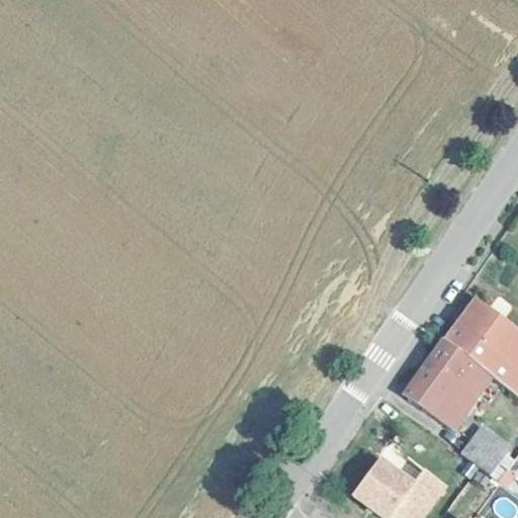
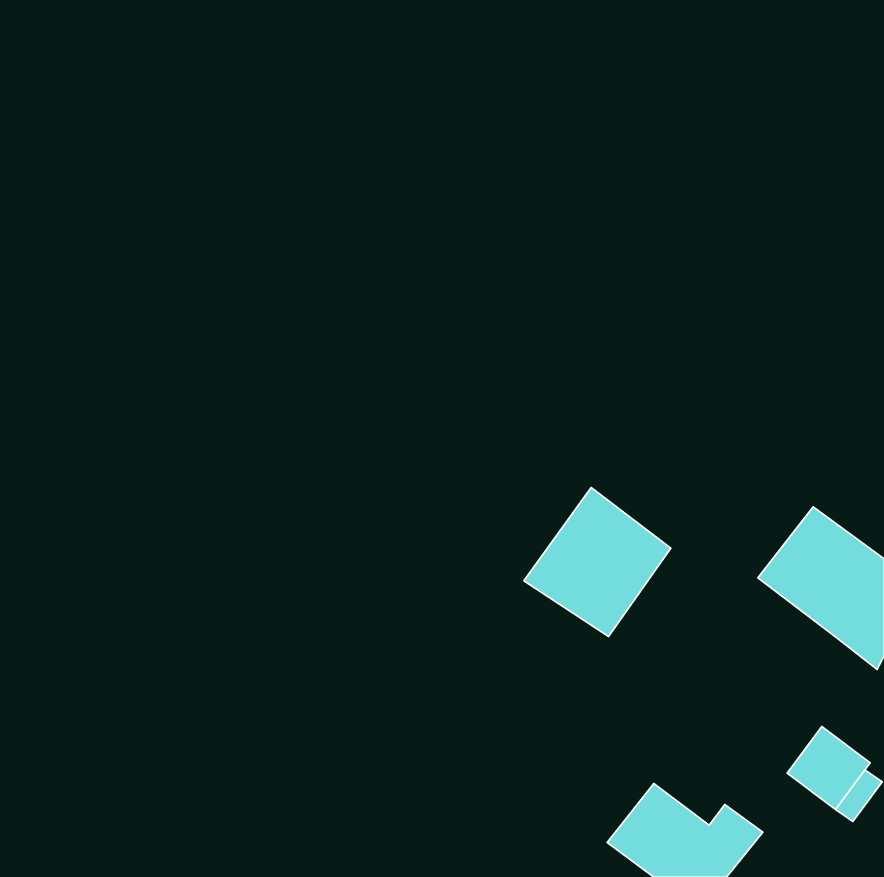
building: [404,338,490,425] -> [524,488,671,636]

